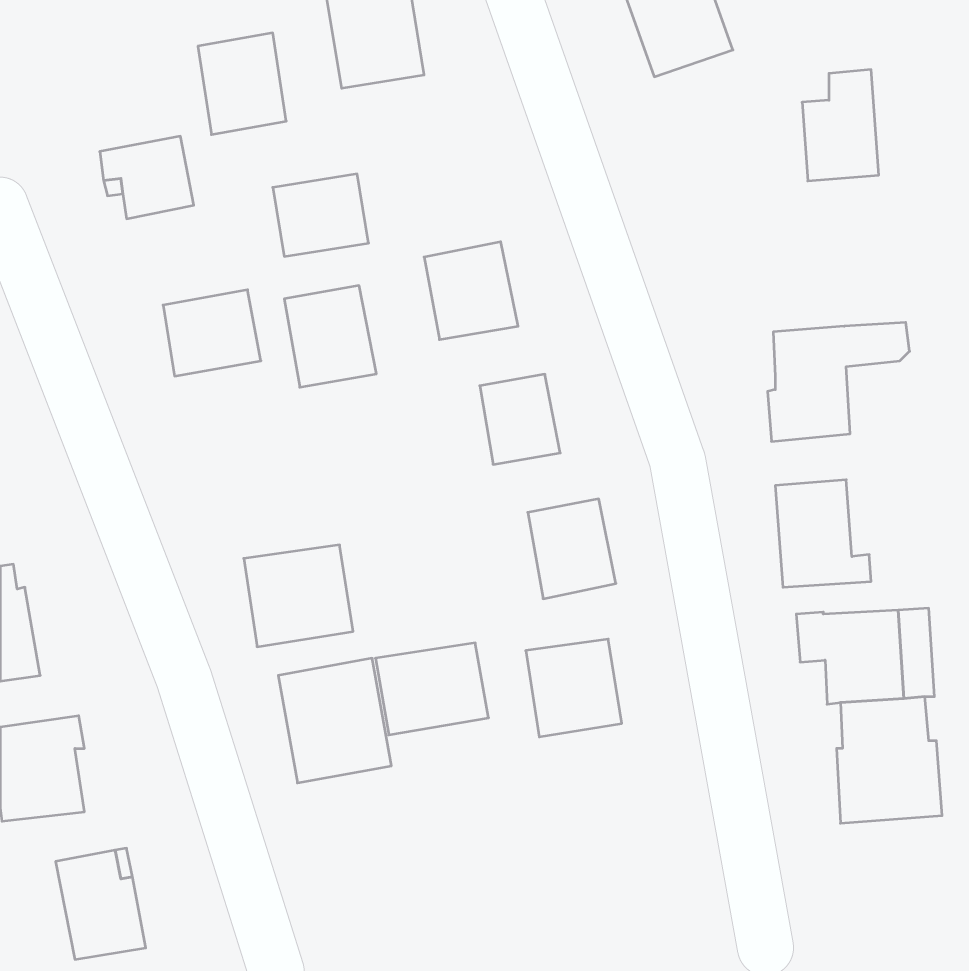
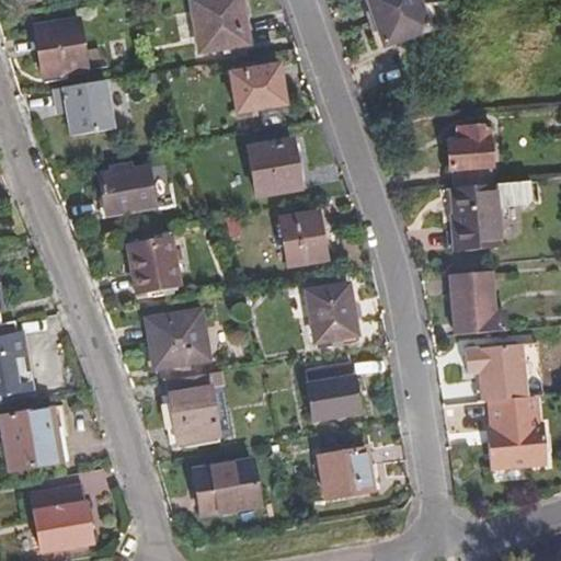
building: [198,33,286,135] -> [38,21,89,79]
building: [802,70,879,181] -> [445,126,489,190]
building: [273,174,369,256] -> [231,65,286,112]
building: [284,286,376,387] -> [129,237,182,295]
building: [375,643,489,735] -> [195,460,260,513]
building: none -> [320,449,374,497]

